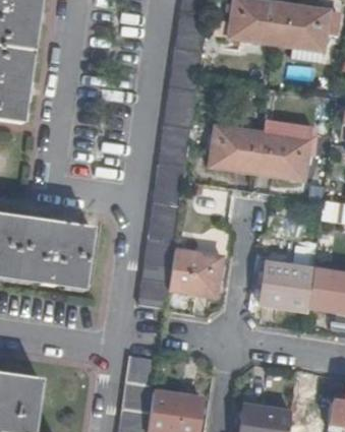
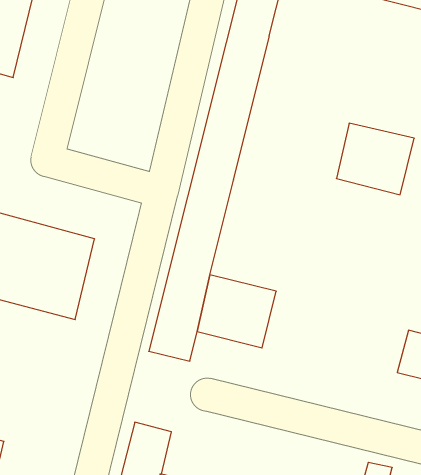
building: [209,126,262,173] -> none
building: [260,262,312,310] -> none

